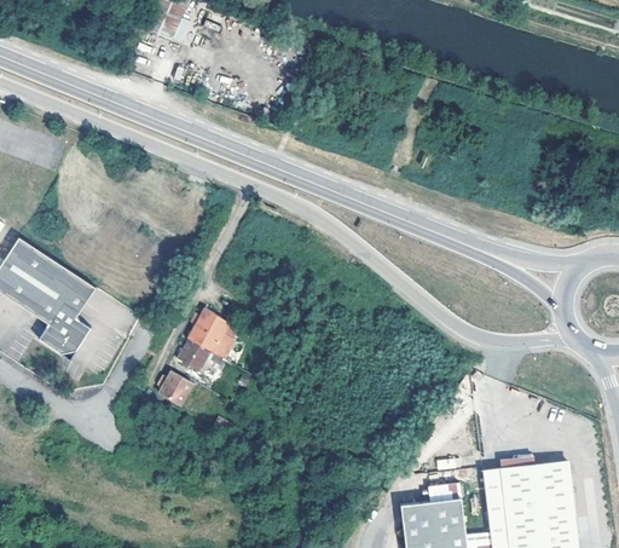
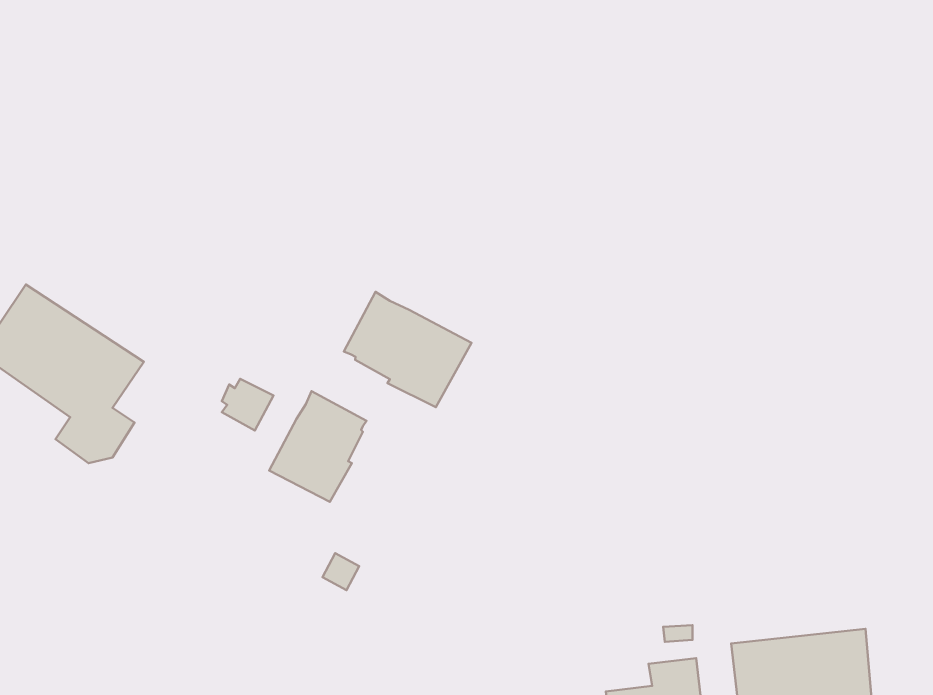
building: none -> [344,292,471,407]
building: [160,369,193,403] -> [222,379,273,431]

